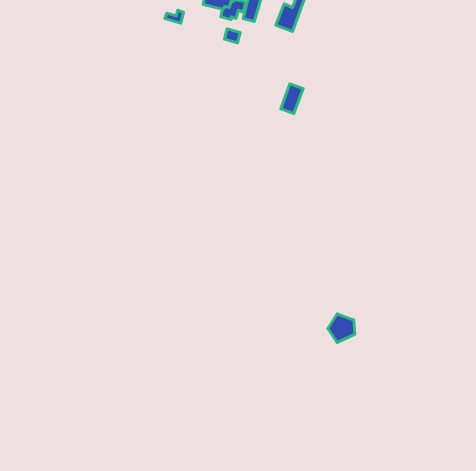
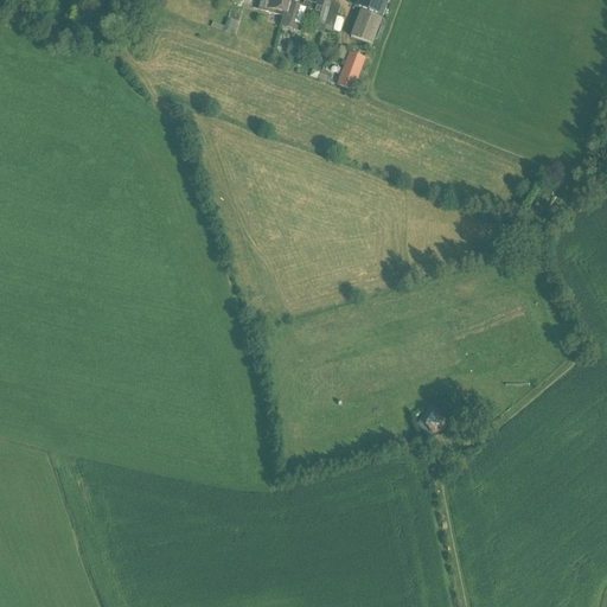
building: [281,84,303,113] -> [337,47,365,85]

